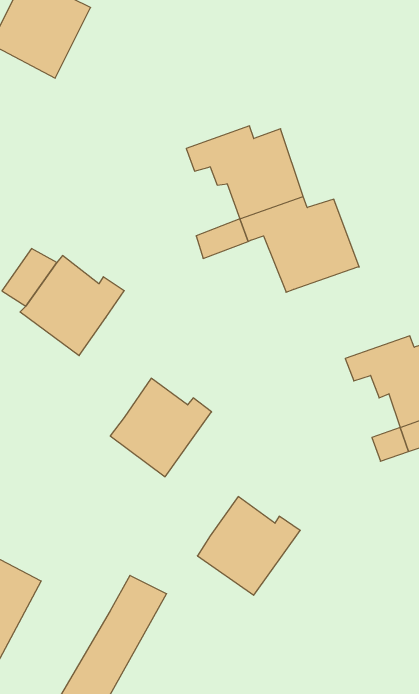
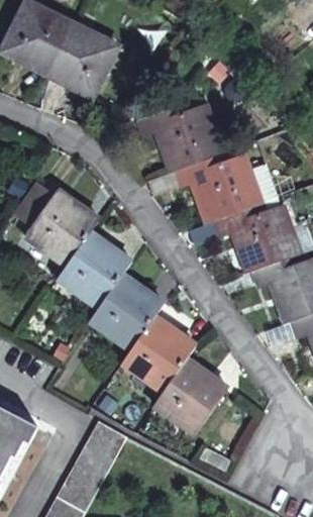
building: none -> [46,17,118,91]
building: none -> [217,203,301,269]
building: none -> [54,239,129,311]
building: none -> [116,325,191,396]

